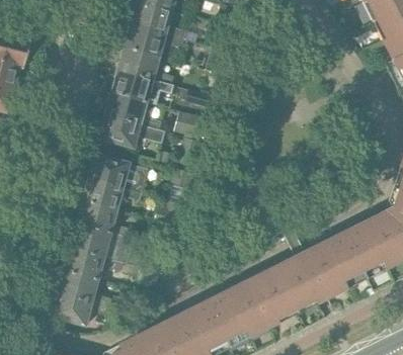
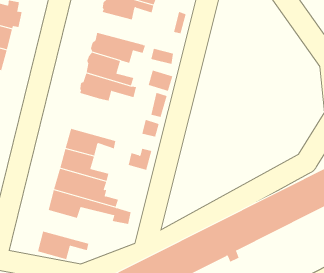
building: [118,47,173,83] -> none
building: [89,154,147,191] -> none
building: [58,269,112,306] -> none

